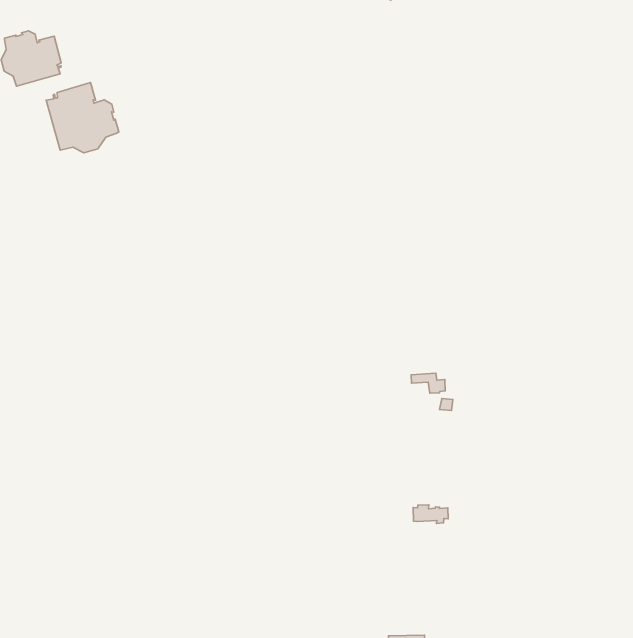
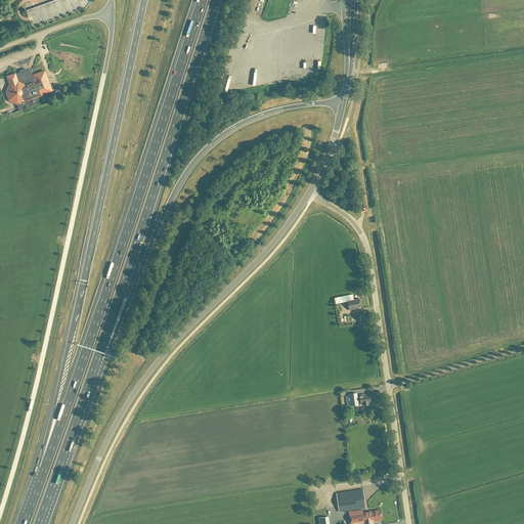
building: [46,83,119,153] -> none

